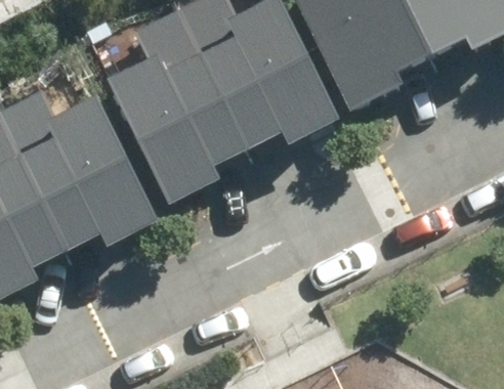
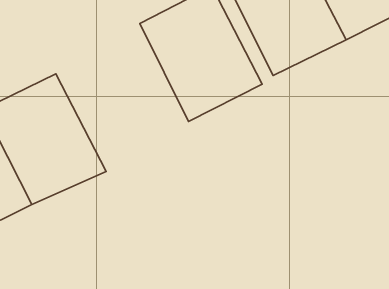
building: [96,49,240,205] -> none

